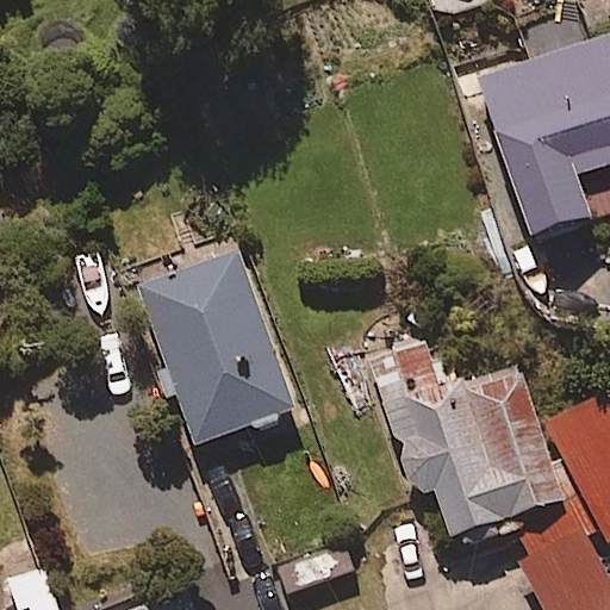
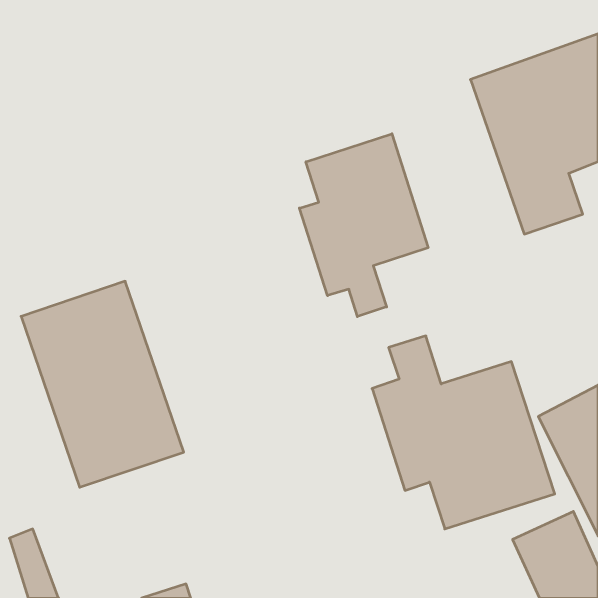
building: none -> [299,134,428,317]
building: [132,238,298,448] -> [21,281,184,487]

